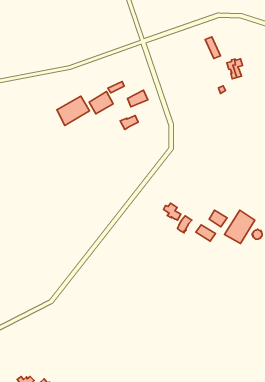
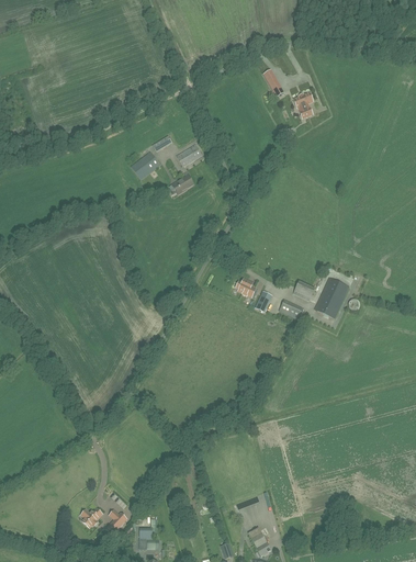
building: [57,96,90,125] -> none

